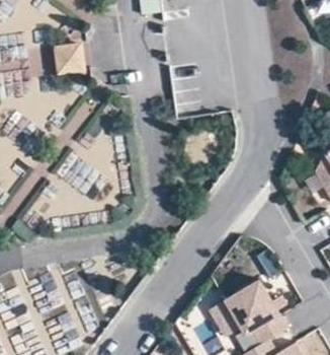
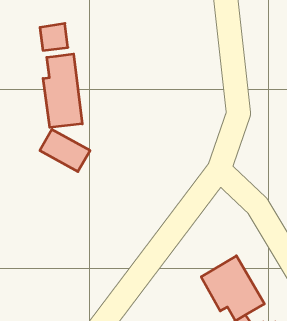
building: none -> [43,54,82,127]

